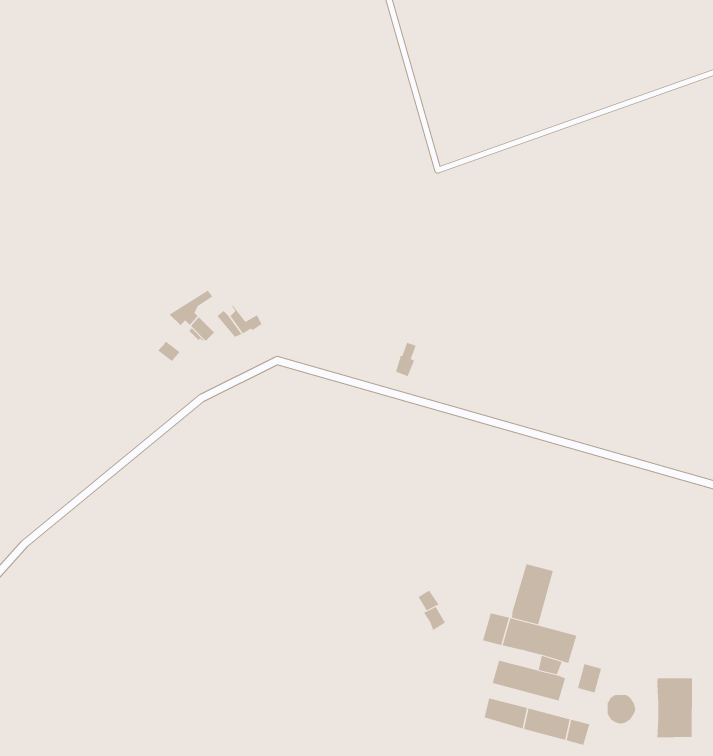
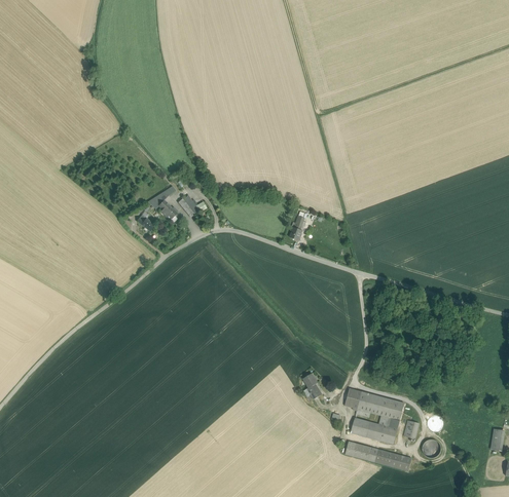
building: [511,563,553,625] -> none
building: [657,677,692,738] -> none

